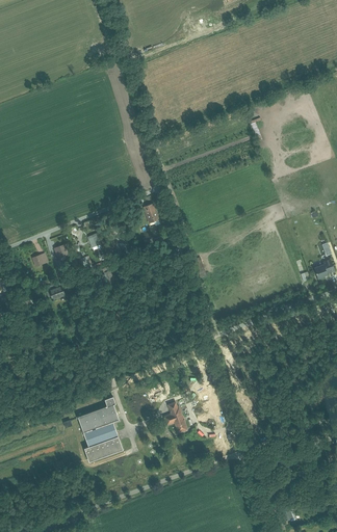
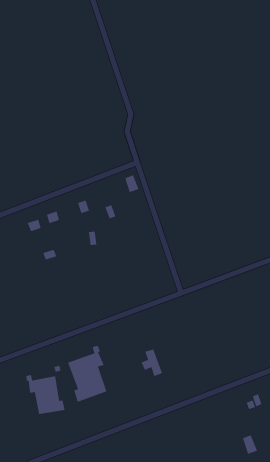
building: none -> [26,374,65,415]

